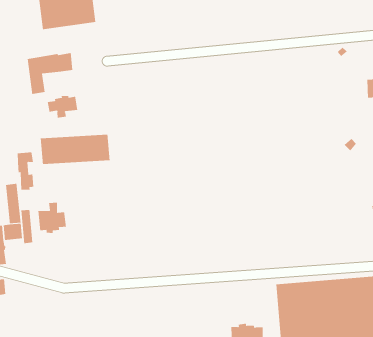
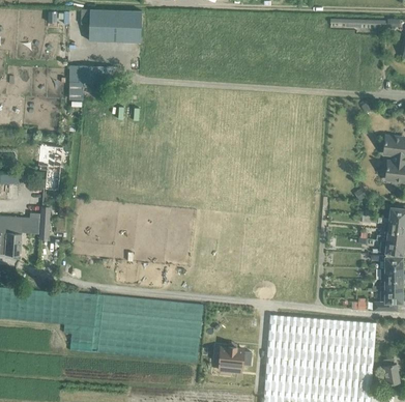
building: [47,95,78,119] -> none
building: [40,134,110,165] -> none
building: [38,202,67,234] -> none

